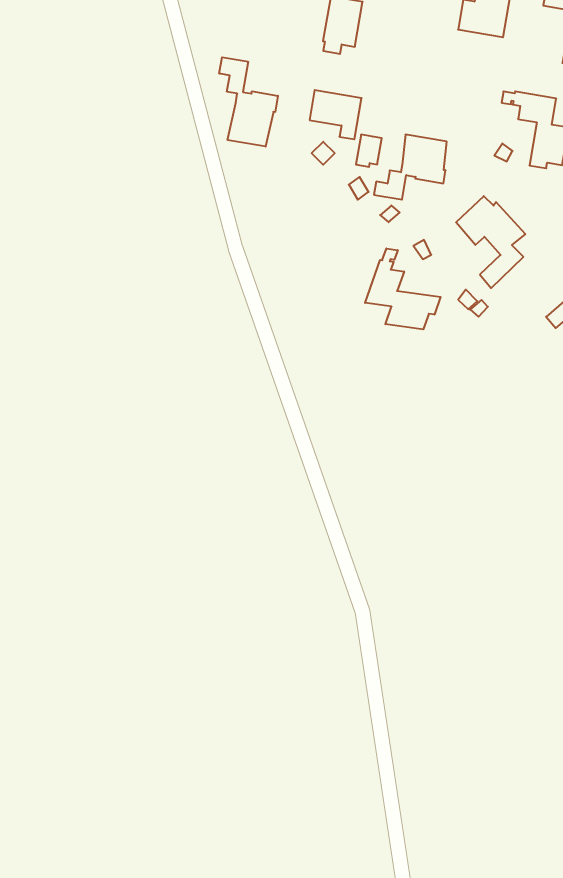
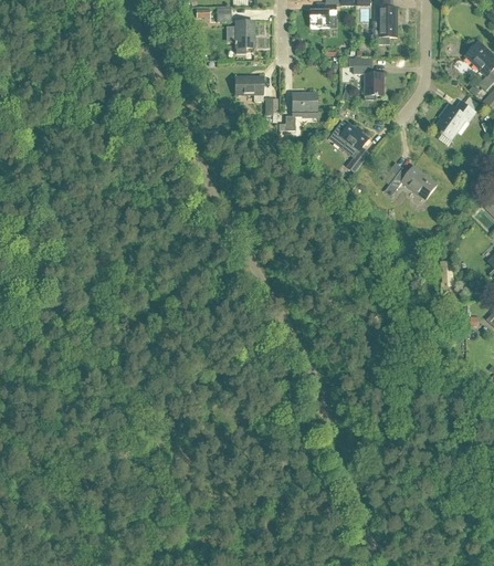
building: [219,57,278,147] -> none
building: [365,248,441,329] -> none

